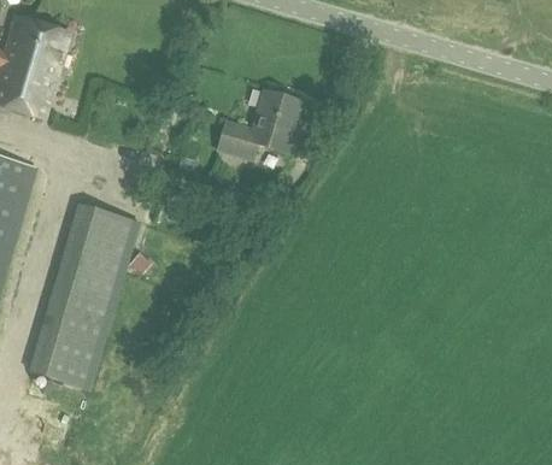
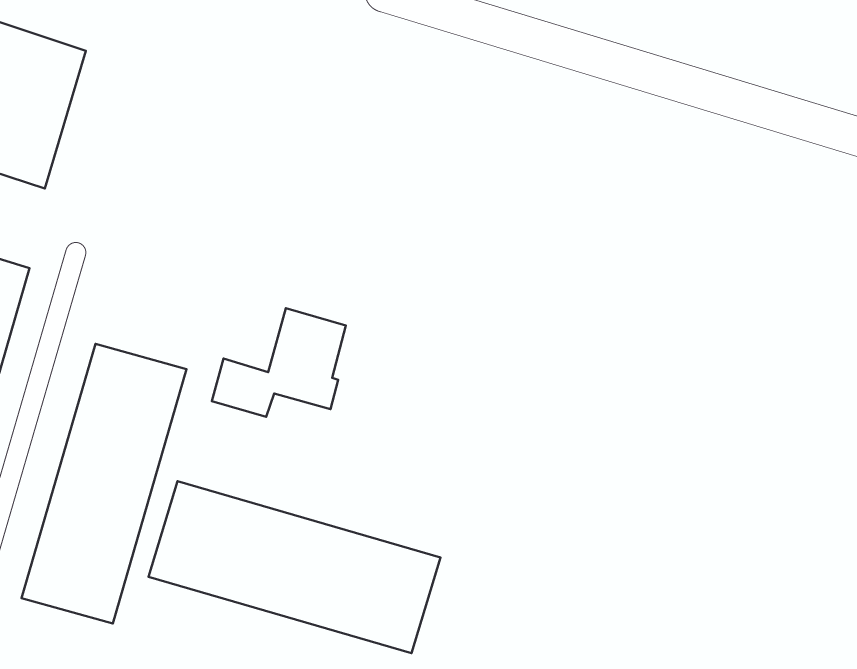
building: [218,90,301,158] -> [212,308,346,417]
building: none -> [149,481,441,653]

